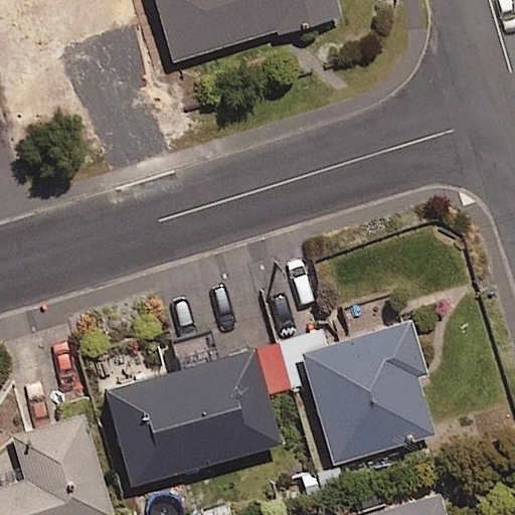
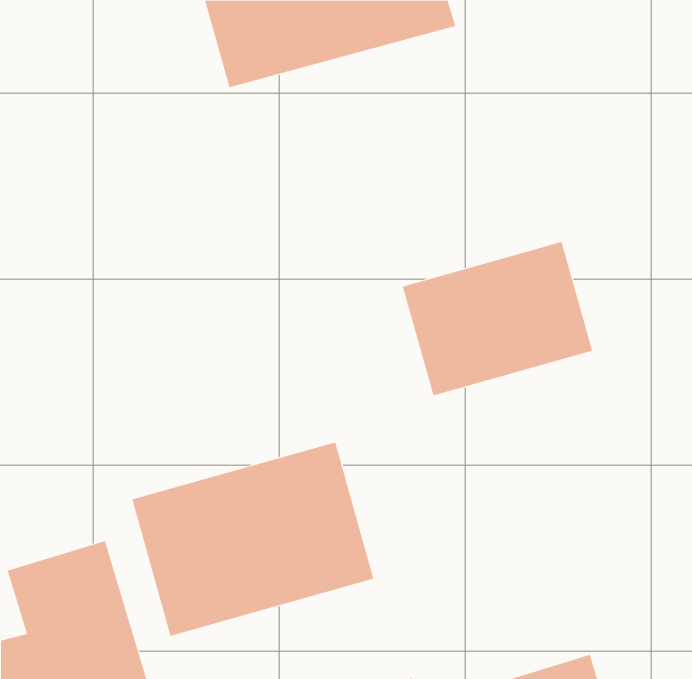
building: none -> [402,241,593,396]
building: [283,316,436,464] -> none

